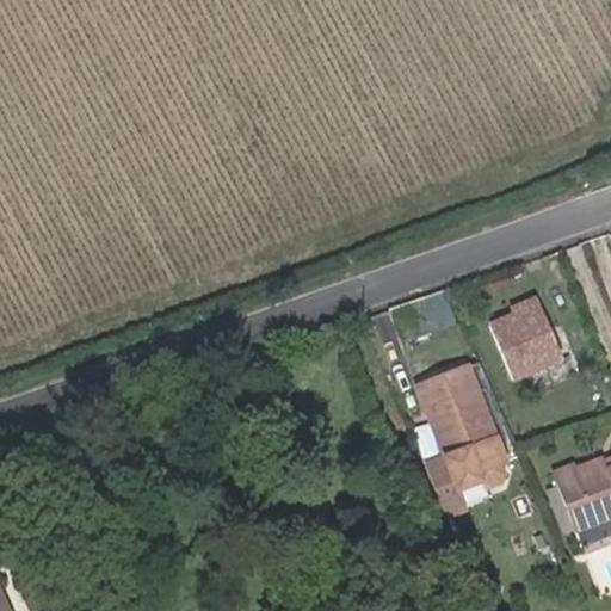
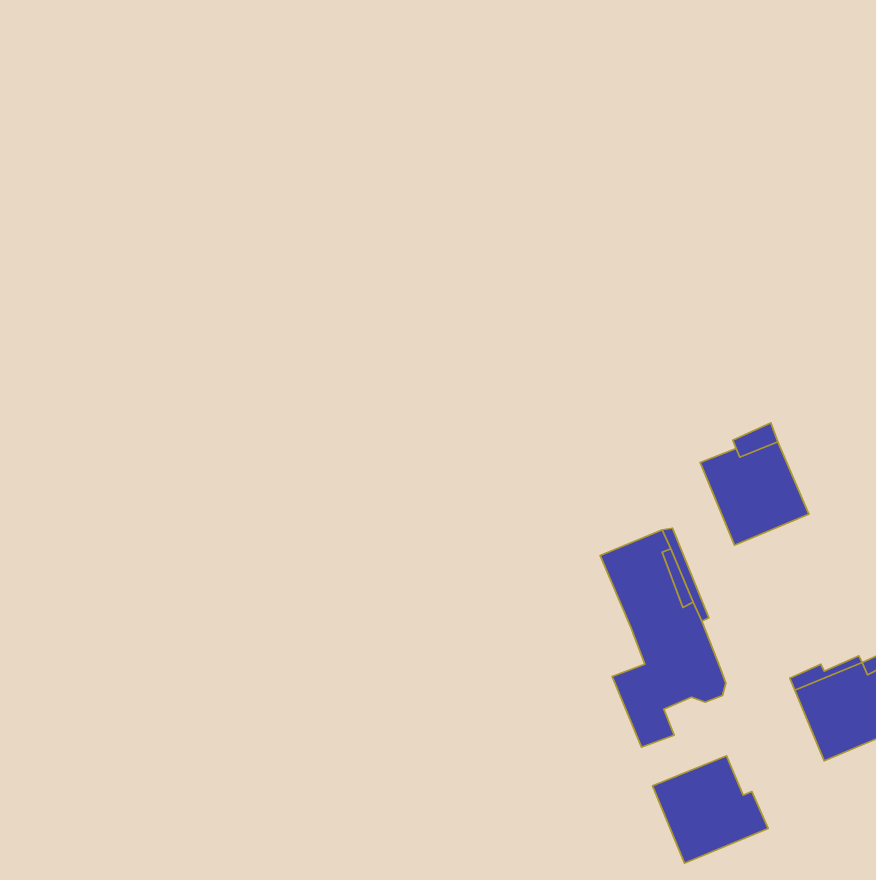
building: none -> [653,756,768,863]

